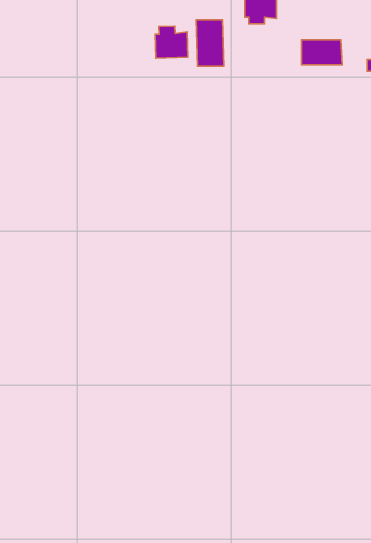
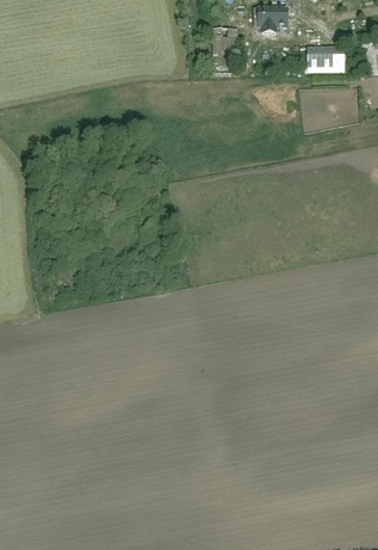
building: [155,26,188,58] -> none

